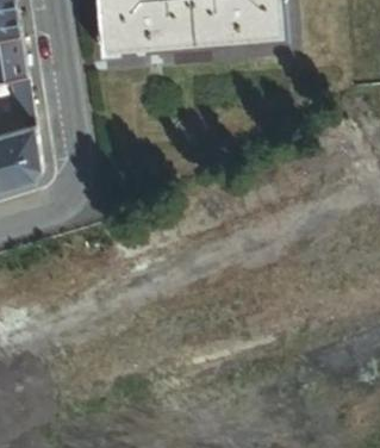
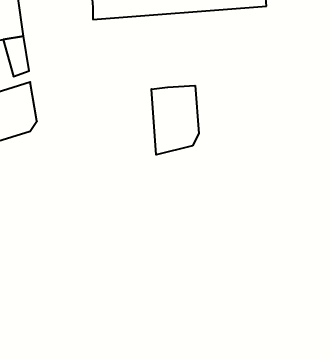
building: none -> [151,86,199,155]

